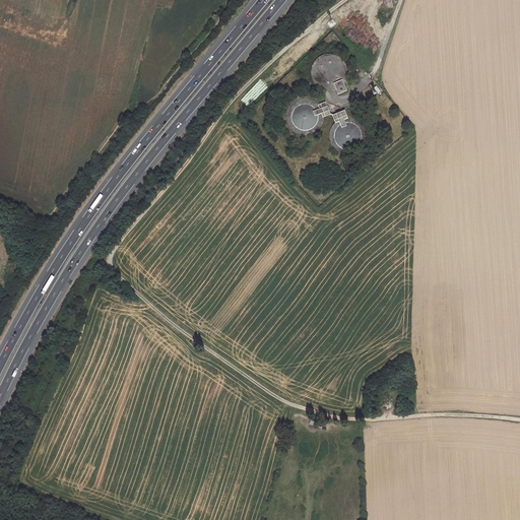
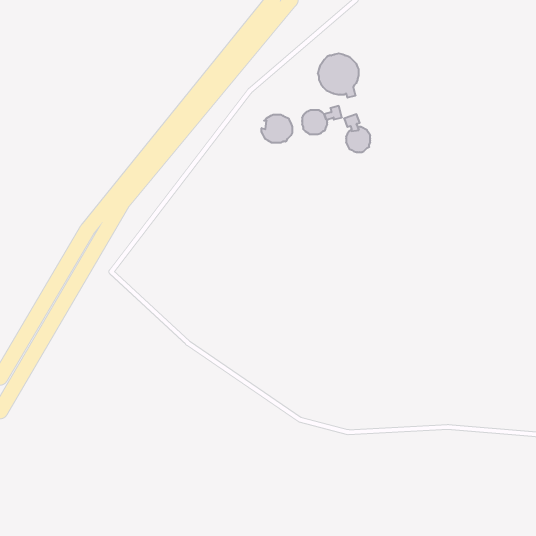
building: none -> [262,115,292,143]

